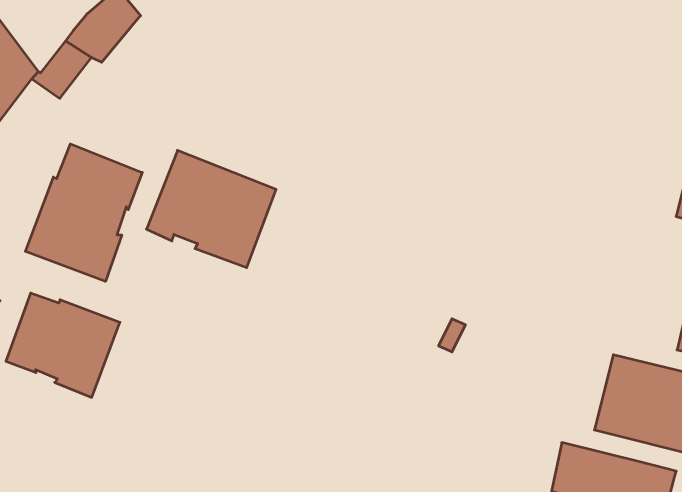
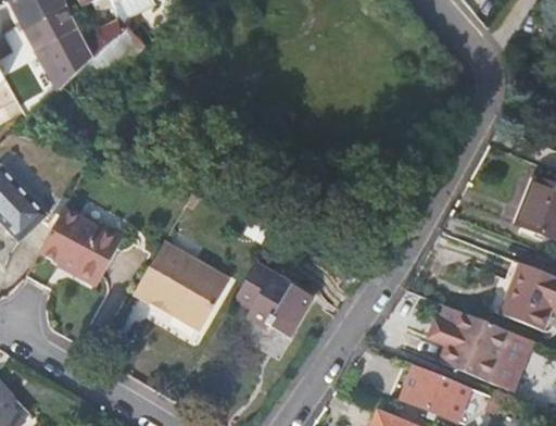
building: [25,144,142,281] -> none
building: [146,150,276,268] -> [137,240,230,328]
building: none -> [235,267,311,336]

